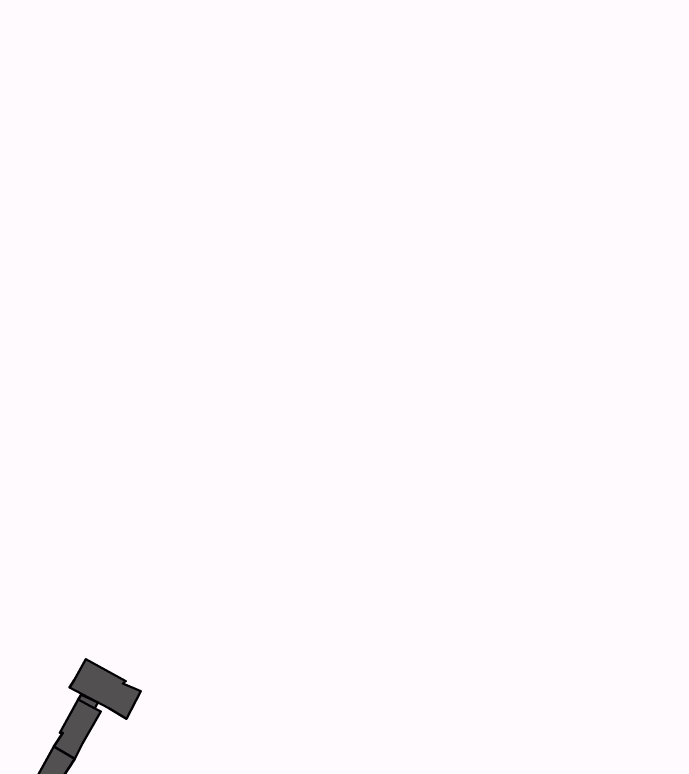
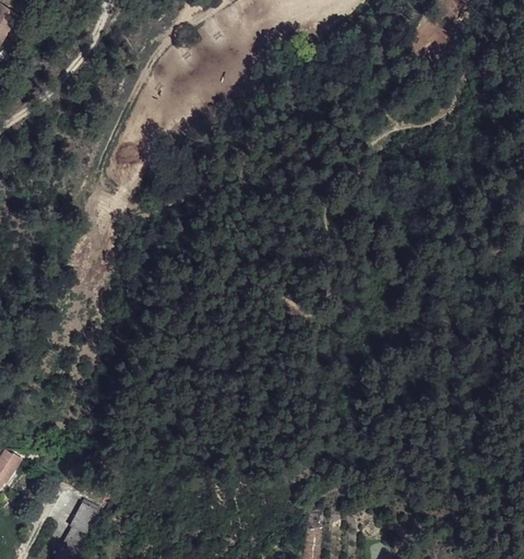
building: [70,659,141,719] -> none

